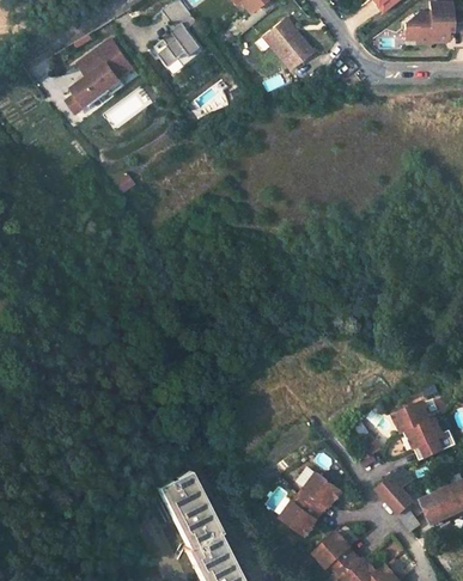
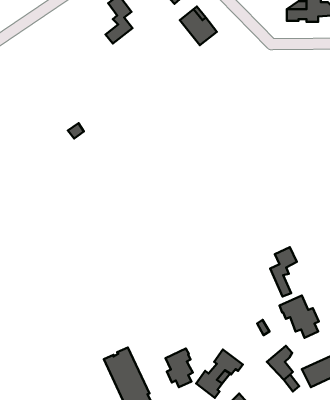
building: [66,41,129,115] -> none
building: none -> [270,247,297,296]
building: none -> [165,349,193,387]

